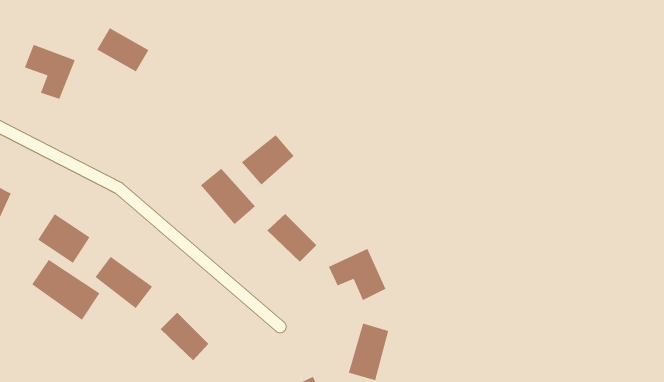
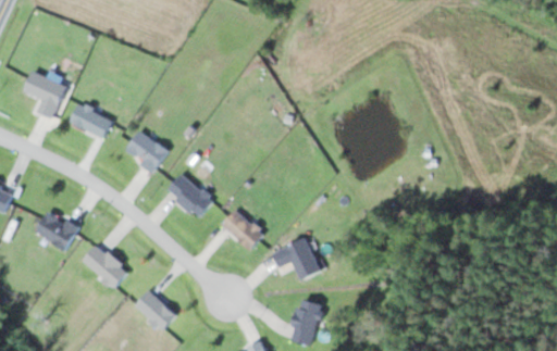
building: [96,27,149,72] -> [69,102,112,139]
building: none -> [123,130,168,173]
building: [241,134,295,186] -> none
building: [31,259,101,321] -> none

